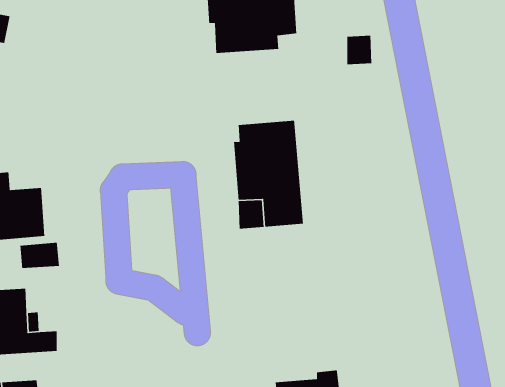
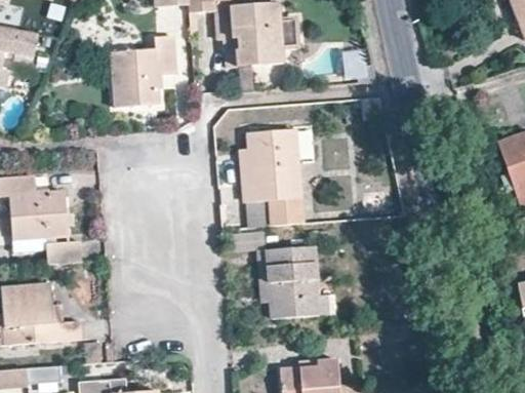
building: none -> [112,34,175,106]
building: none -> [255,245,333,318]

